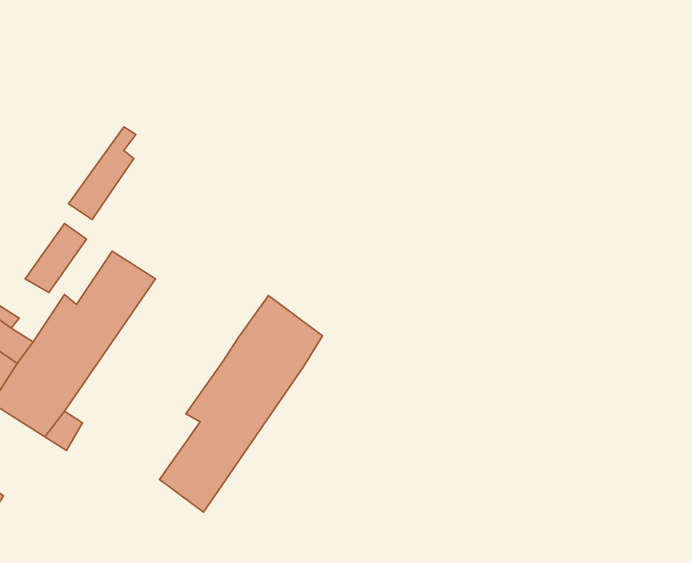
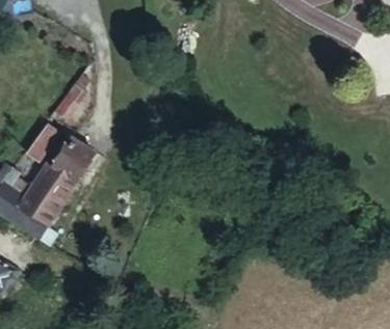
building: [159,296,322,512] -> none

